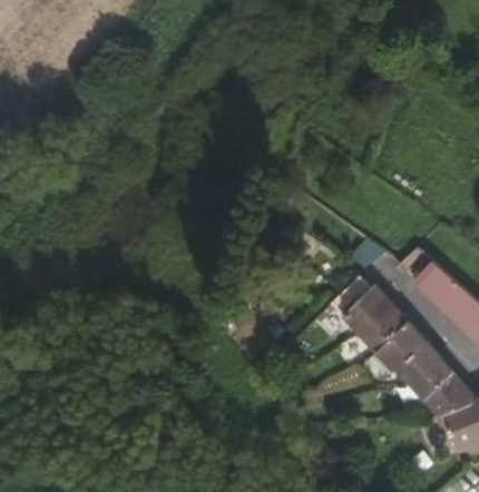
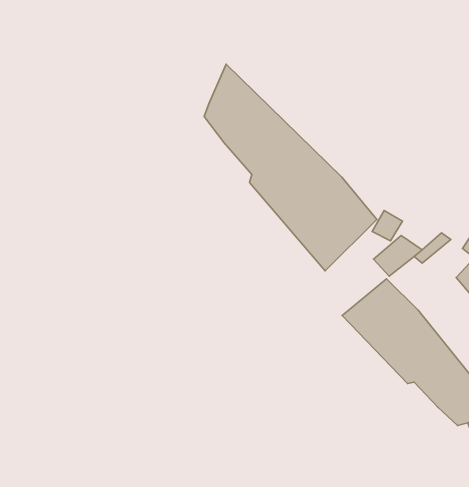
building: none -> [204,64,377,271]

